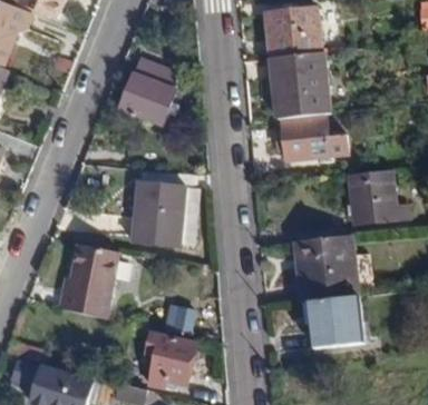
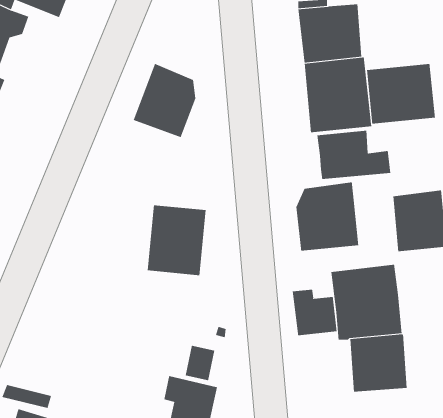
building: none -> [366,63,435,125]
building: none -> [296,182,359,251]
building: [61,244,119,318] -> none
building: none -> [292,289,337,336]

